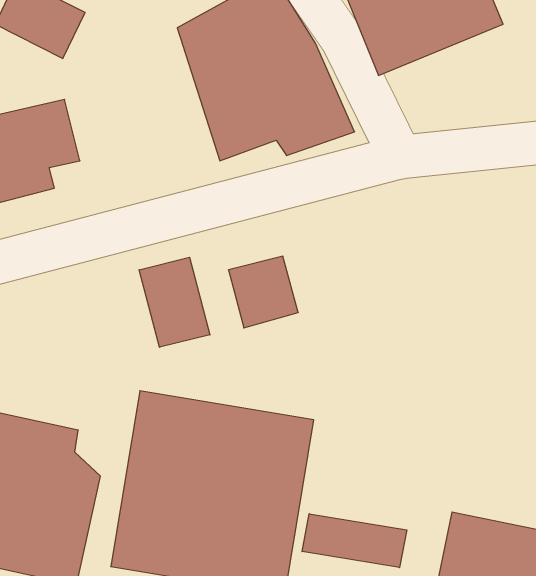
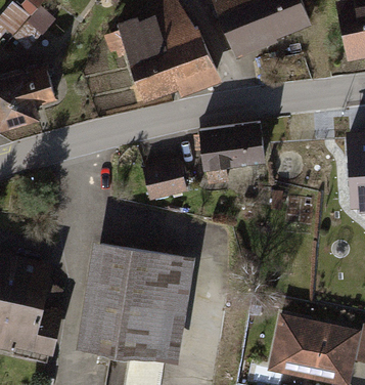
building: none -> [195,124,263,172]
building: [139,257,210,347] -> none
building: [302,514,407,568] -> none

